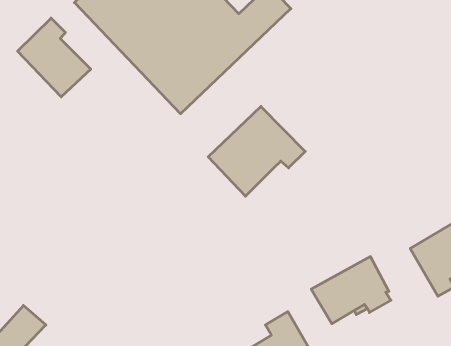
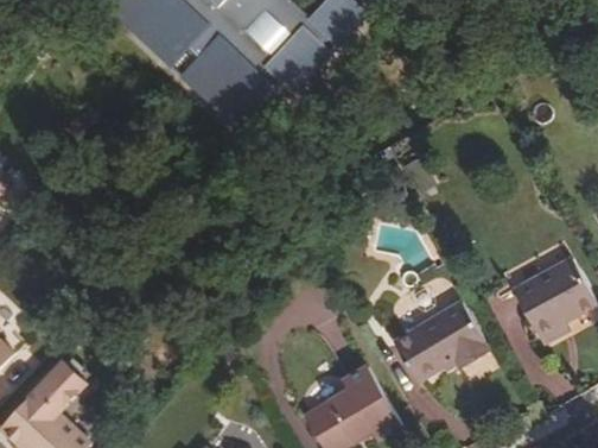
building: [18,18,91,97] -> none
building: [208,106,305,196] -> none

